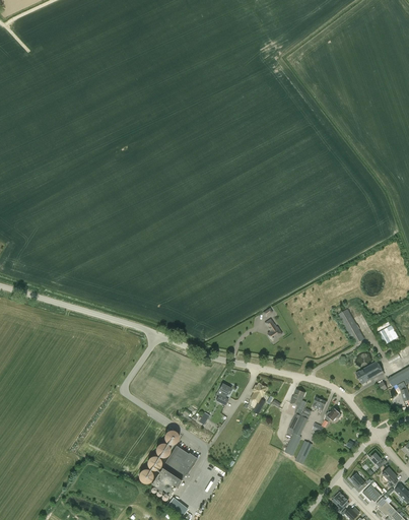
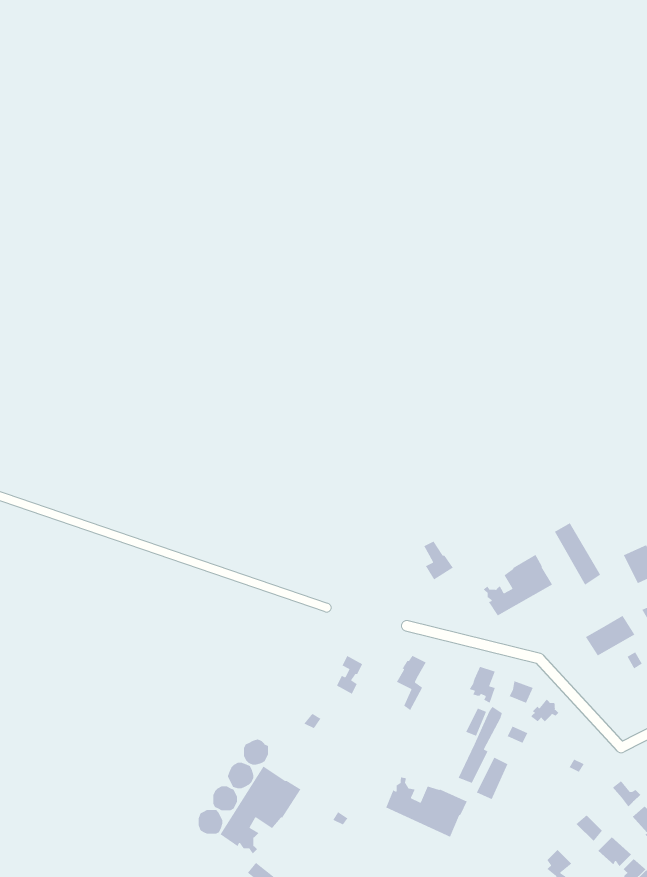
building: none -> [483,554,553,617]
building: none -> [385,776,468,838]

